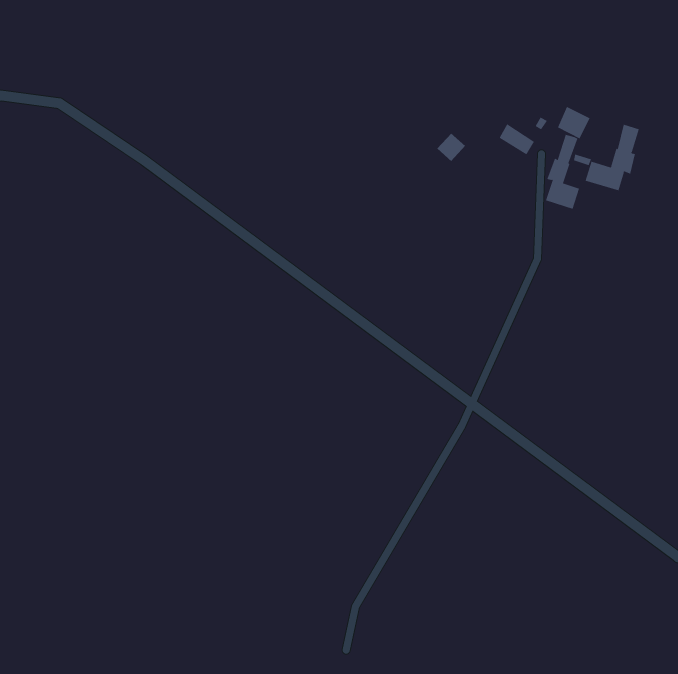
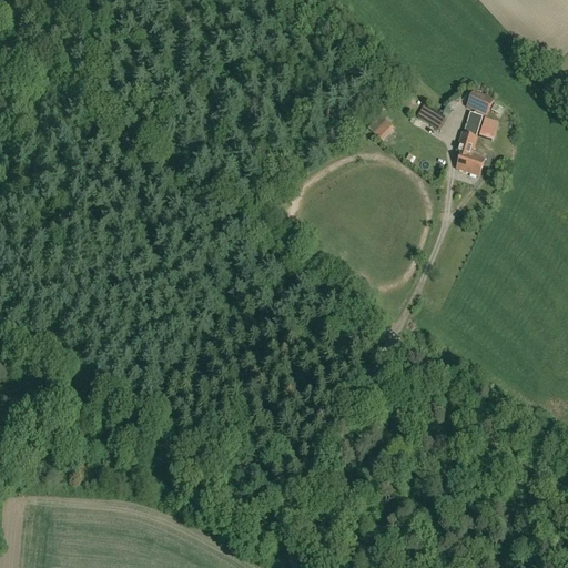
building: [585,124,639,191] -> none

